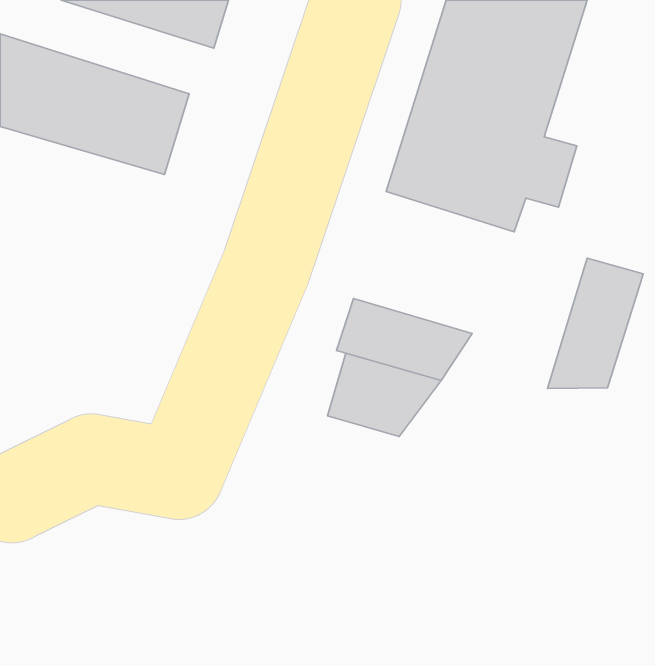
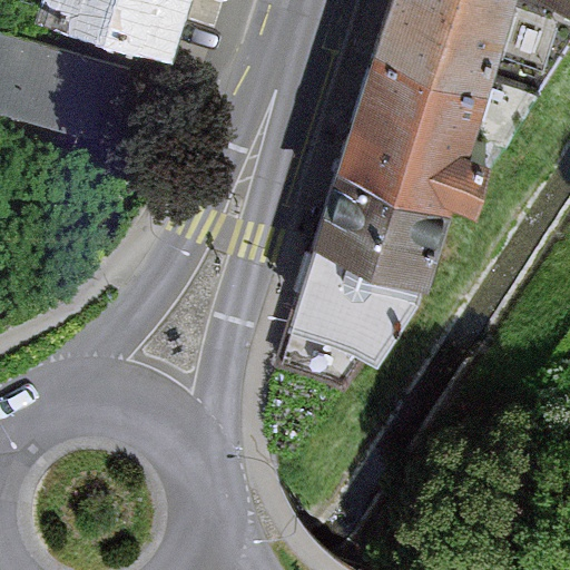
building: none -> [312,164,449,285]
building: [547,258,643,389] -> none

